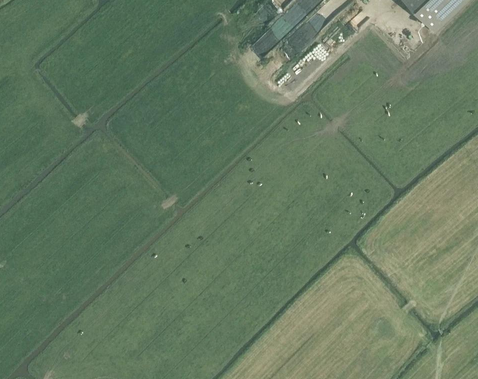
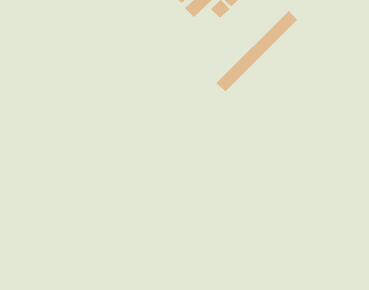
building: none -> [215,10,298,92]

